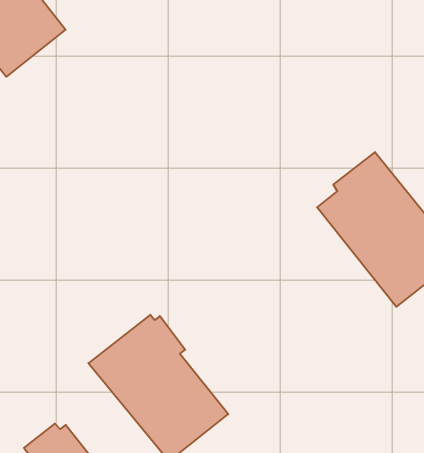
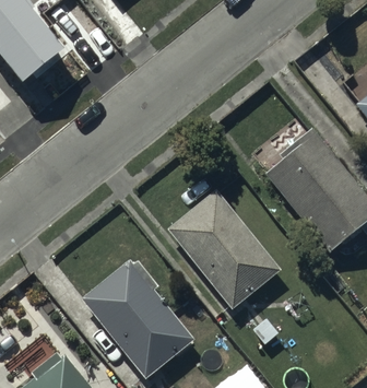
building: none -> [167,191,281,310]

